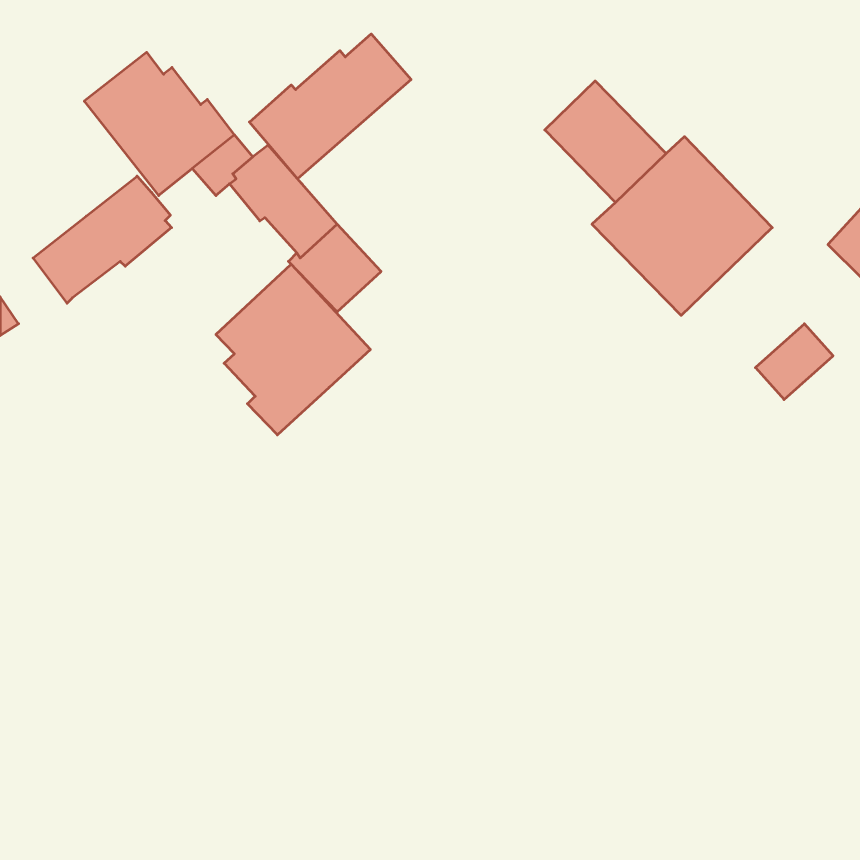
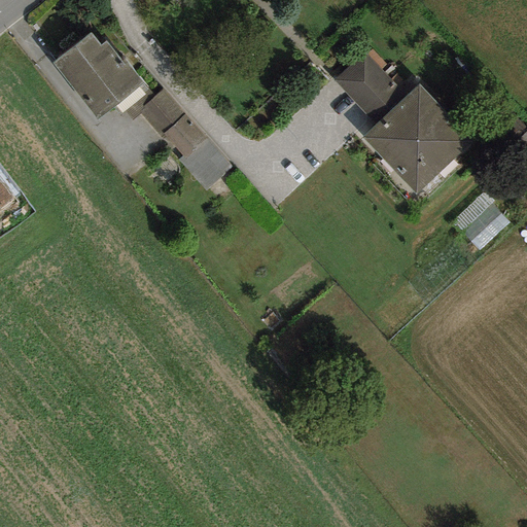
building: [249,34,411,179] -> none
building: [33,176,172,303] -> none
building: [216,264,370,435] -> none

